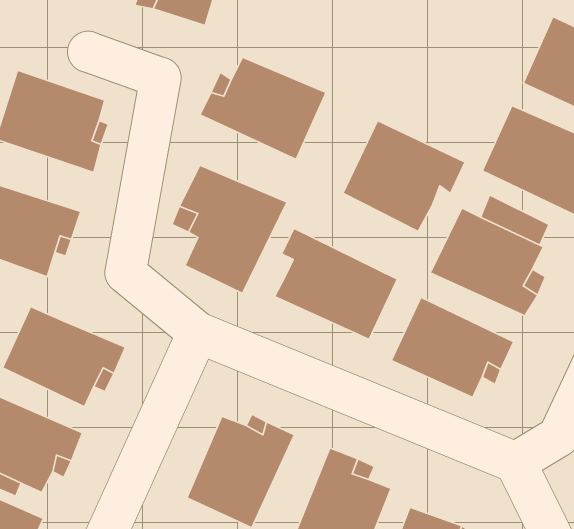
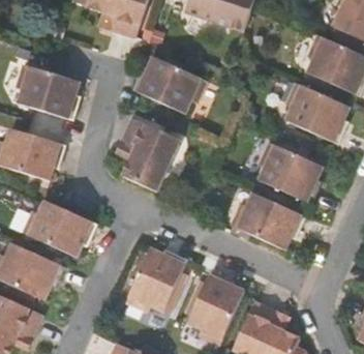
building: [343,121,465,232] -> none
building: [275,228,398,339] -> none

